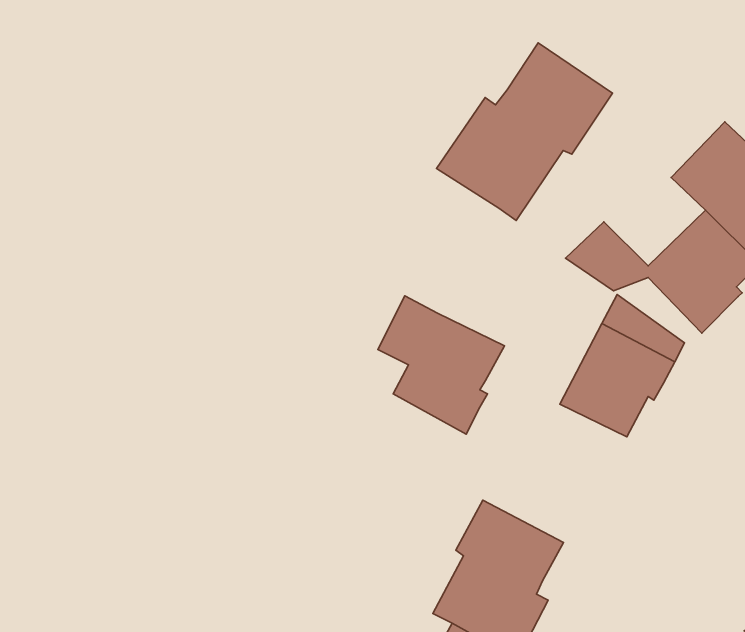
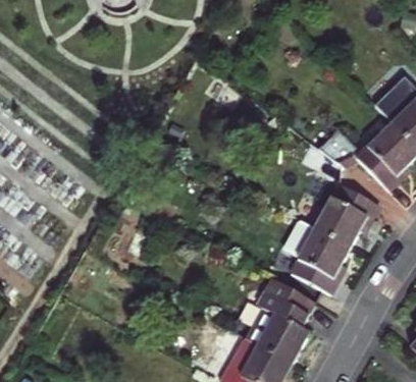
building: [436,43,613,220] -> none
building: [378,296,505,434] -> [282,218,350,291]

